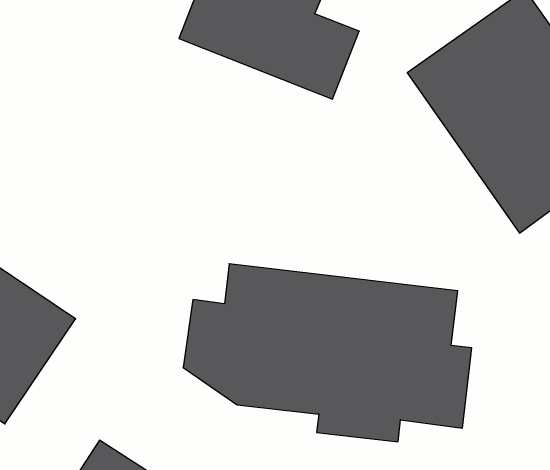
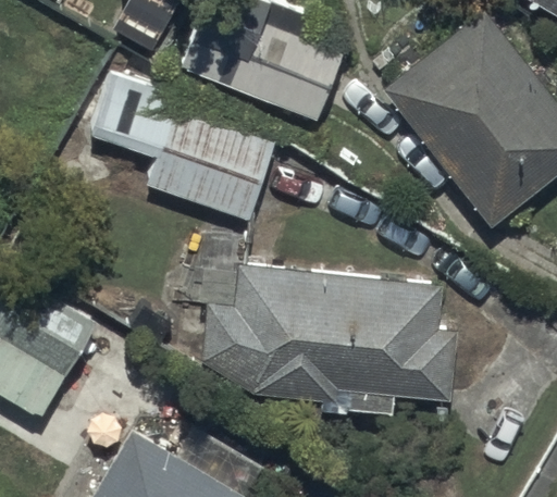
building: none -> [87,75,277,225]

